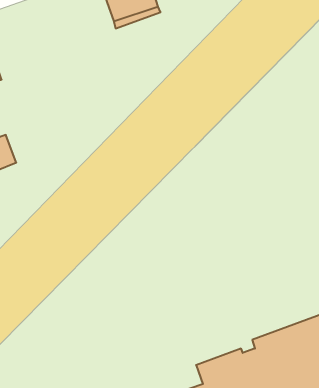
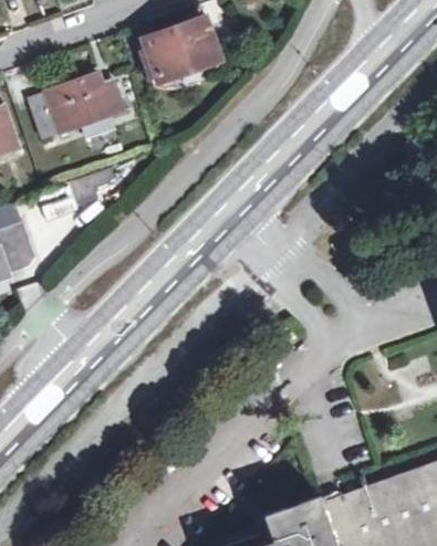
building: none -> [29,75,123,138]

